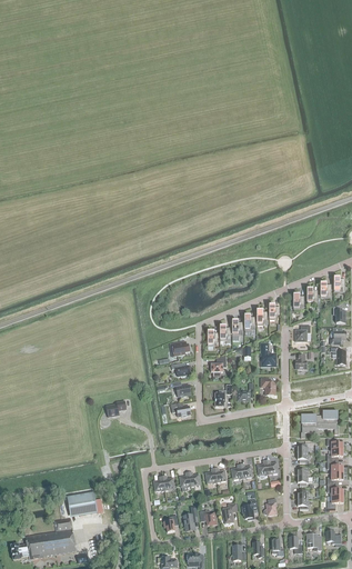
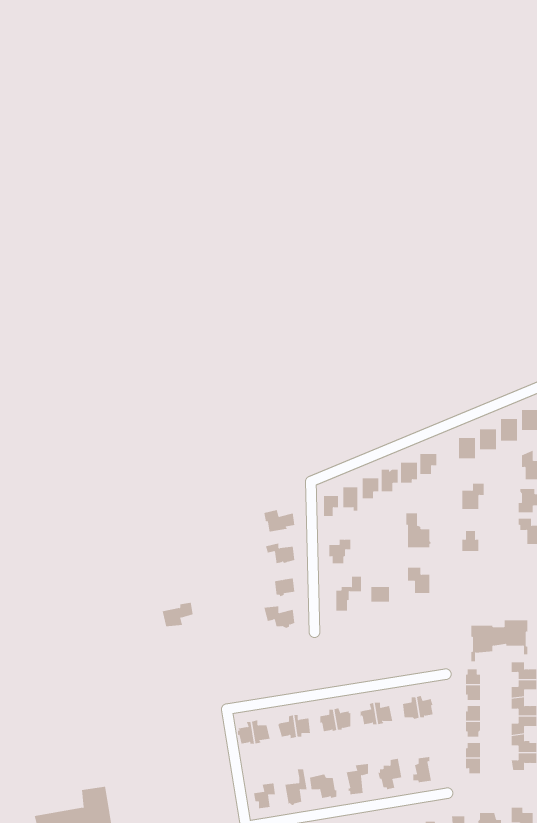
building: [67,491,98,516] -> none

